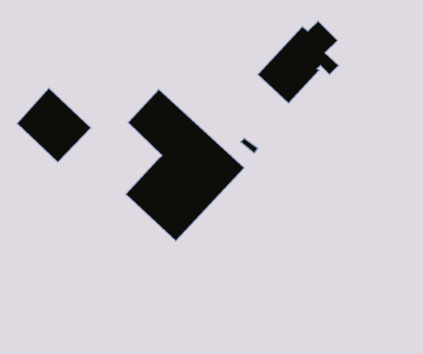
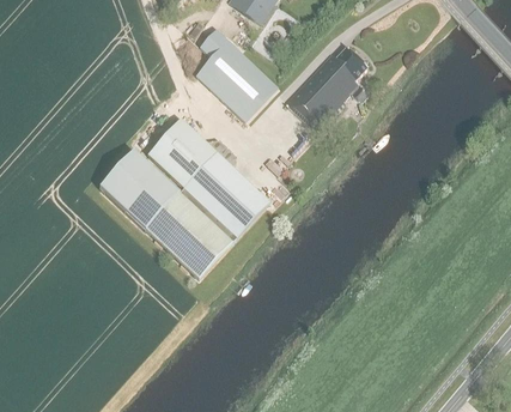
building: none -> [196,29,278,121]
building: [17,88,91,162] -> [101,150,178,228]

